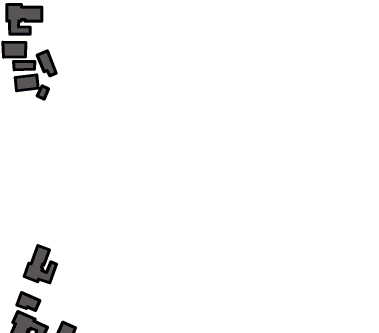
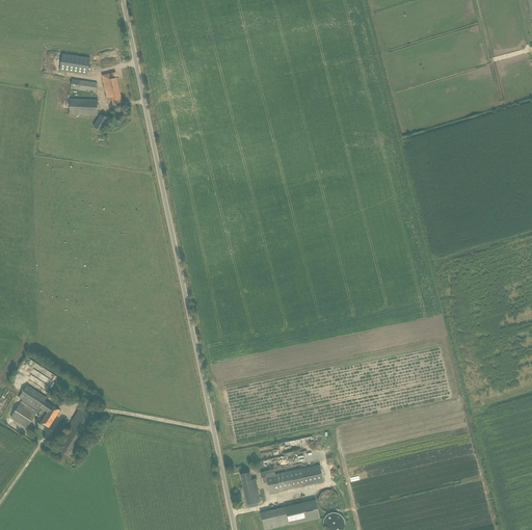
building: [7,4,42,34] -> none
building: [24,245,56,283] -> none

